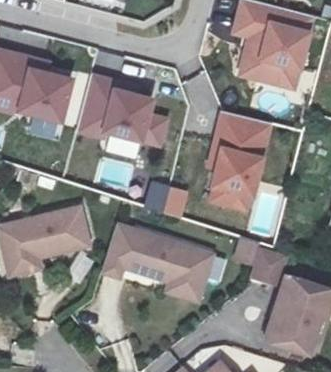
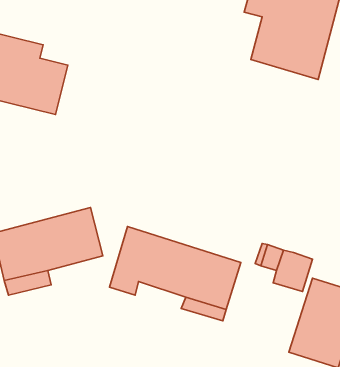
building: [78,74,165,146] -> none
building: [208,112,269,207] -> none
building: [145,181,185,215] -> none

